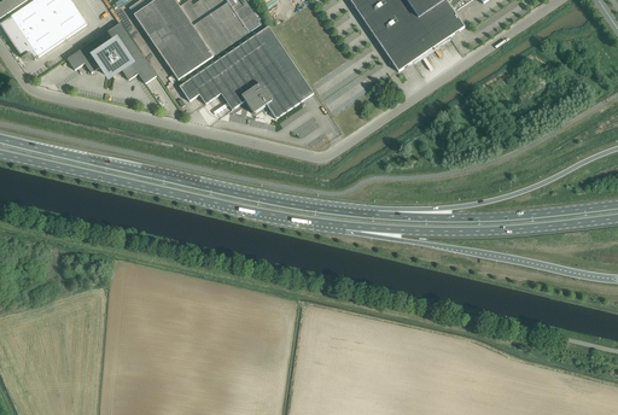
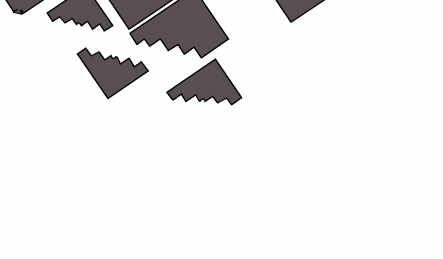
building: none -> [77,48,148,99]
building: none -> [167,59,242,105]

